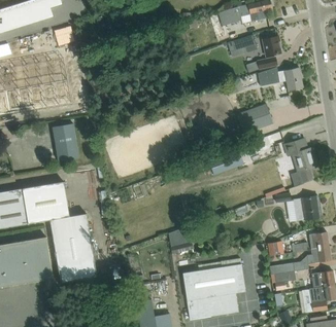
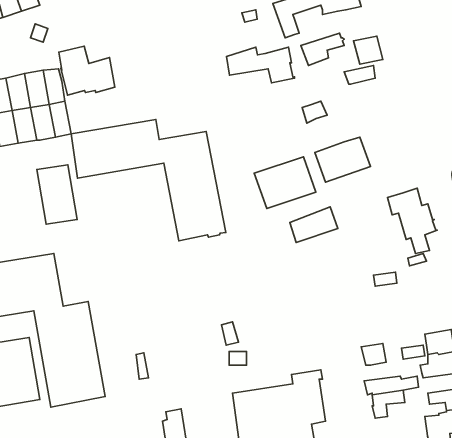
building: none -> [59,46,115,95]
building: [258,67,303,90] -> [226,47,295,83]
building: none -> [71,119,226,241]
building: none -> [254,157,316,209]
building: [294,195,321,220] -> none

